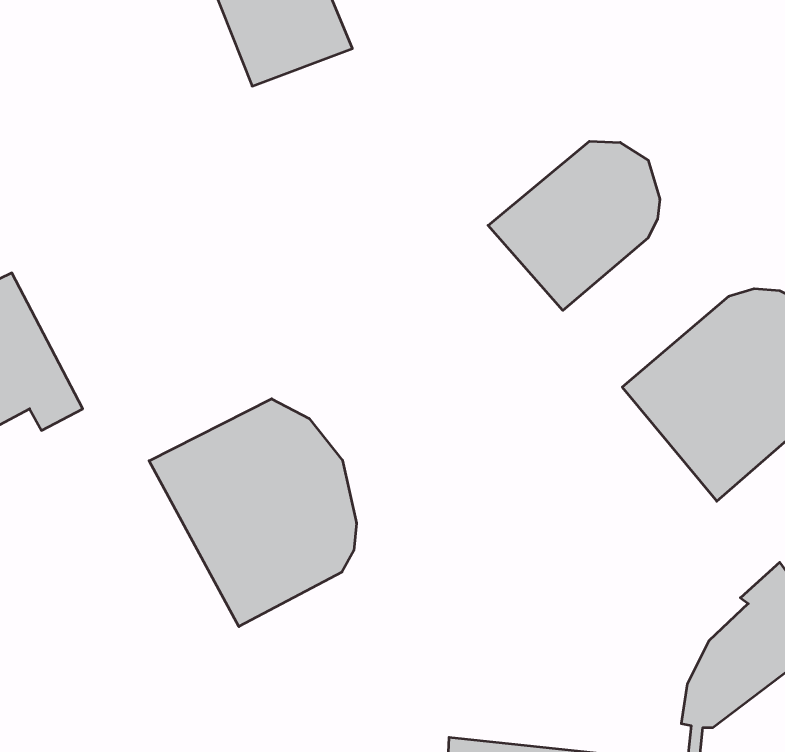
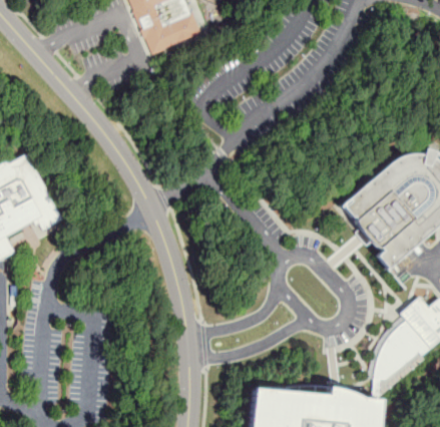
building: [488,141,660,310] -> none
building: [149,399,356,627] -> none

